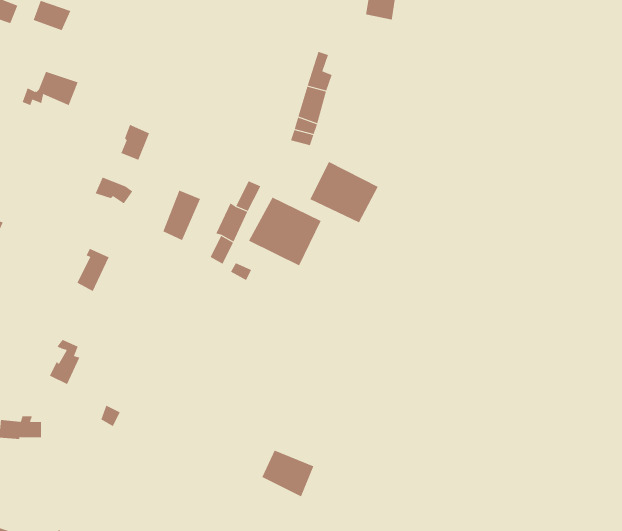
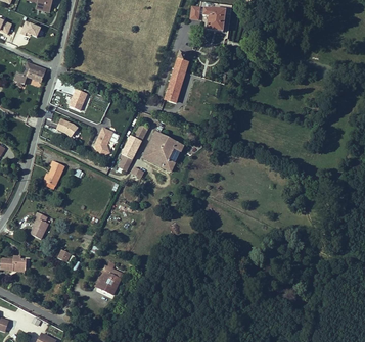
building: [309,161,379,223] -> none
building: [261,450,314,497] -> [92,267,122,294]

